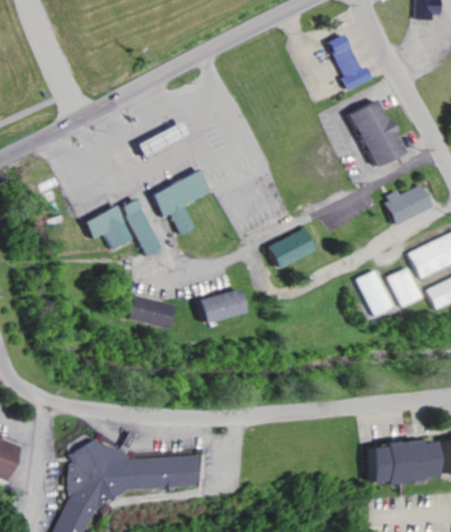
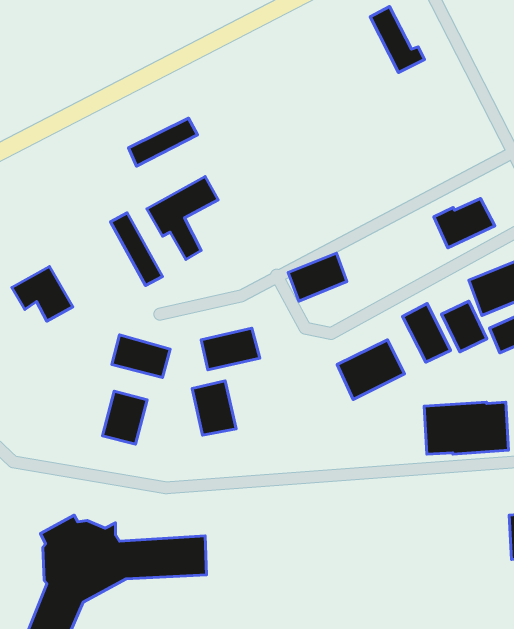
building: [345,100,402,167] -> none
building: [86,205,135,248] -> [12,267,73,321]
building: none -> [337,340,405,400]
building: none -> [192,381,236,435]
building: none -> [103,391,147,444]
building: [365,442,432,483] -> [424,402,509,454]

